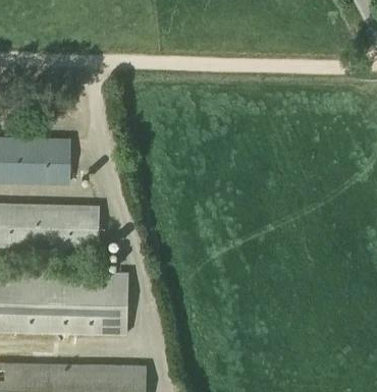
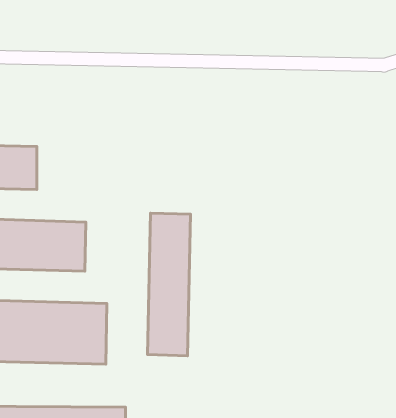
building: none -> [147,213,191,356]

